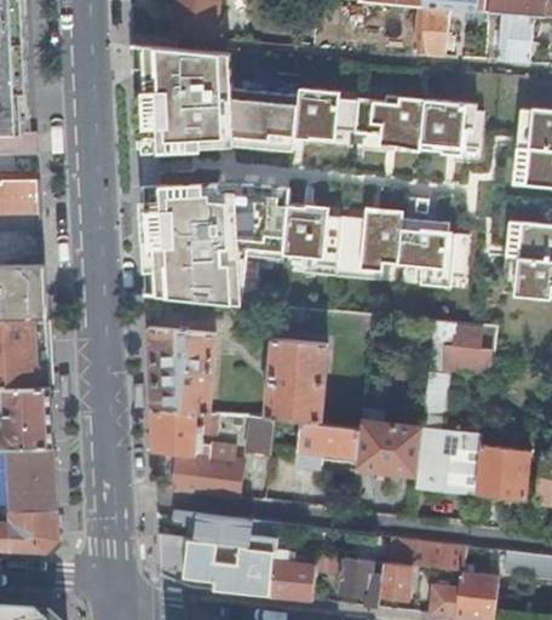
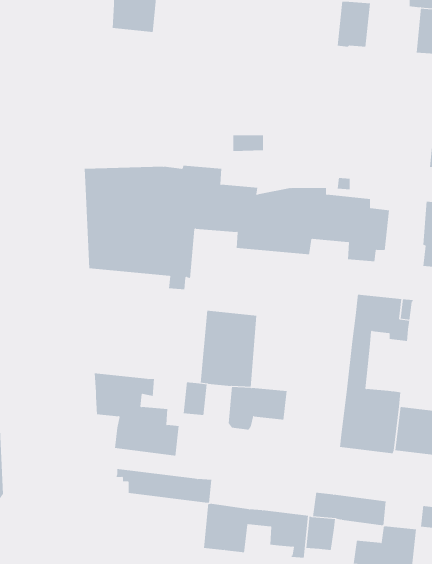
building: [132,44,482,156] -> none
building: [148,328,215,414] -> none
building: [356,409,422,475] -> none
building: [159,534,274,597] -> none

